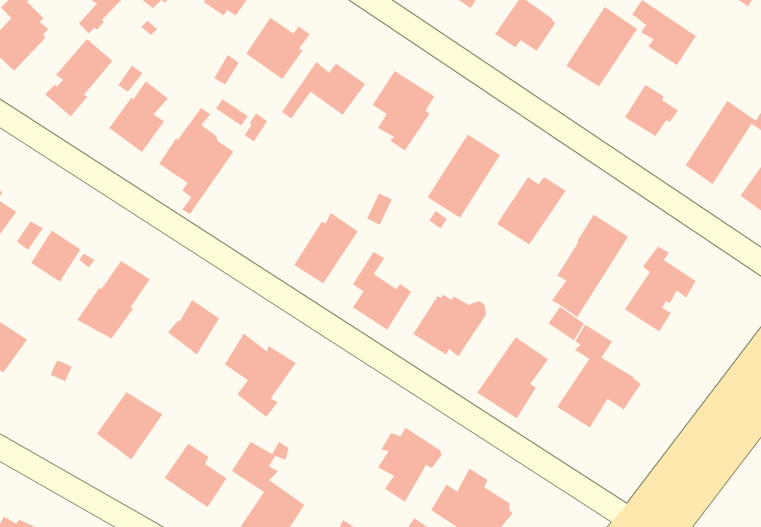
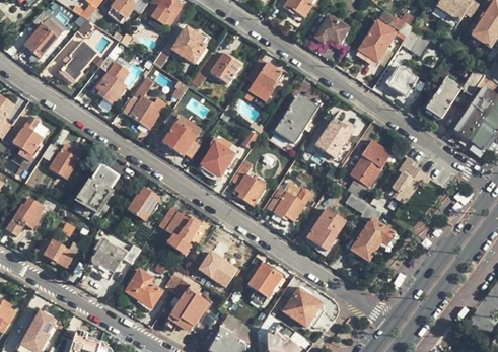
building: none -> [163,115,203,157]
building: none -> [38,238,79,267]
building: none -> [196,247,239,284]

